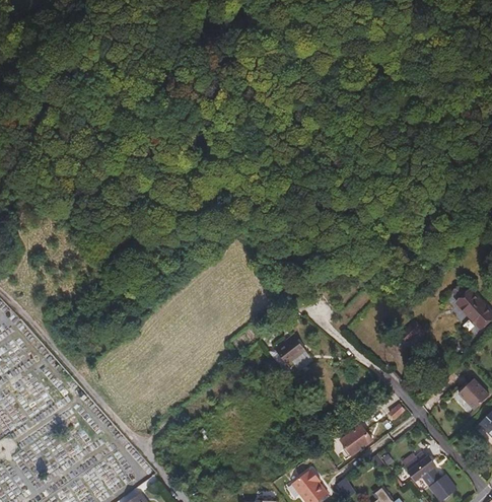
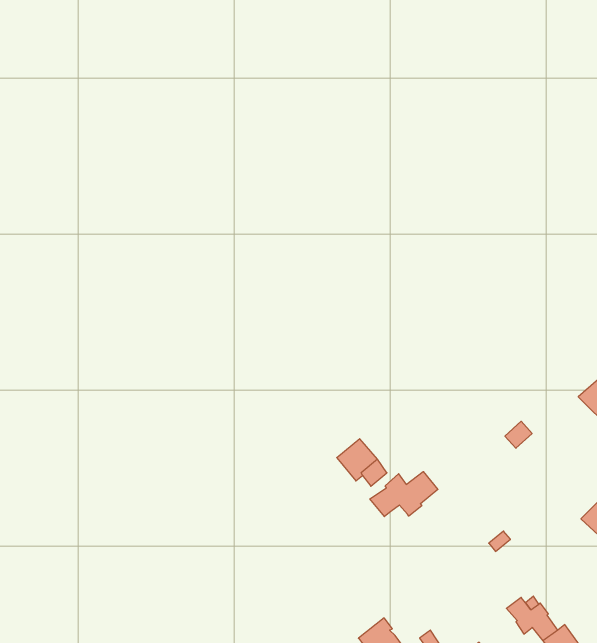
building: none -> [370,472,438,517]
building: [341,425,371,455] -> none

